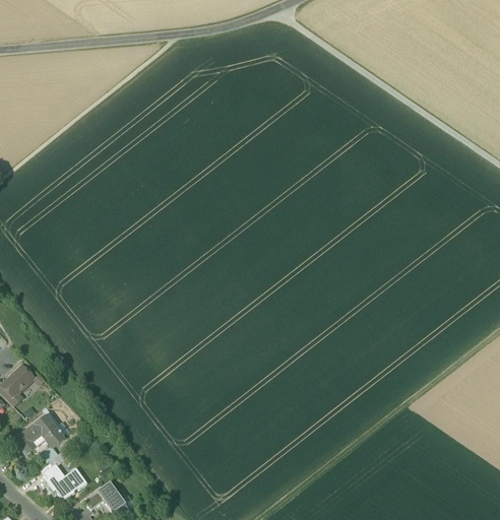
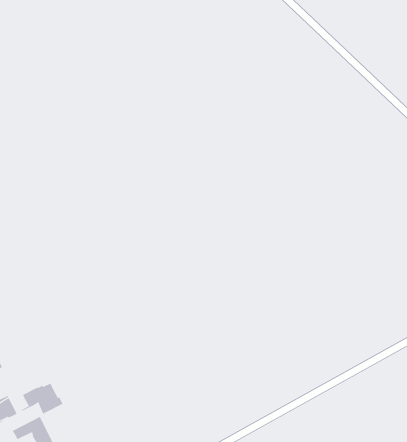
building: none -> [21,383,63,415]

